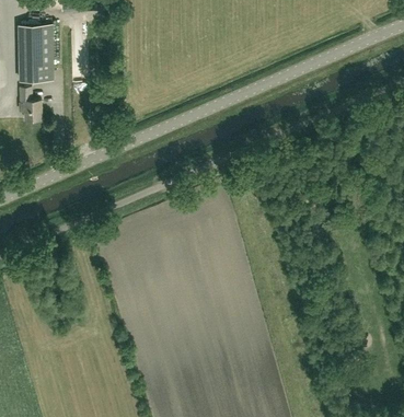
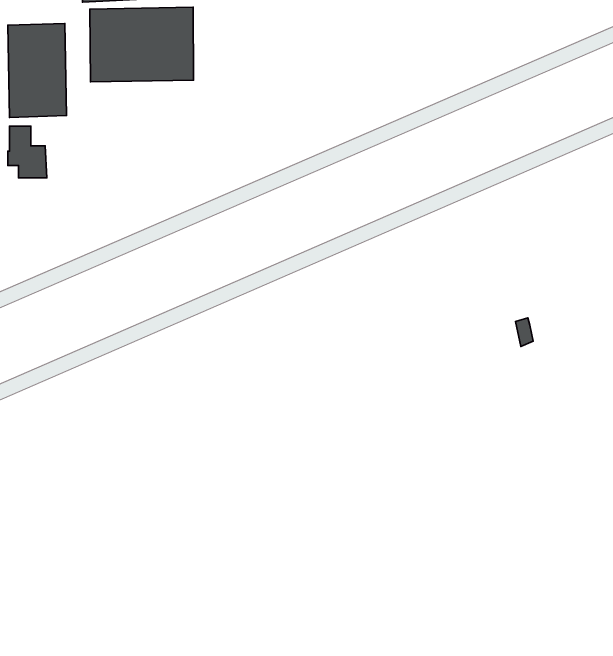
building: none -> [90,7,194,82]

